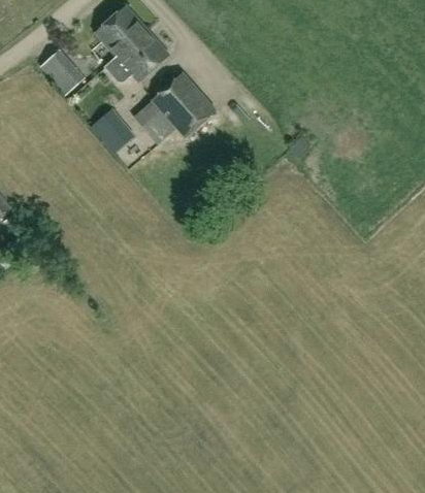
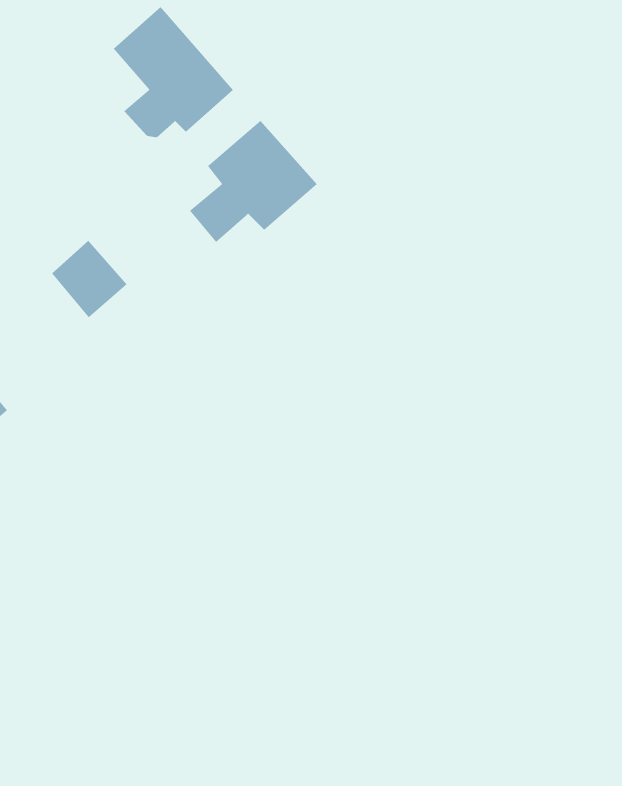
building: [40,50,85,95] -> none
building: [91,107,135,153] -> [51,240,128,318]

